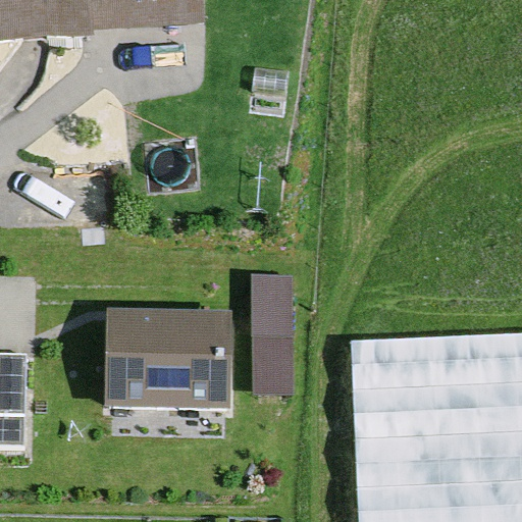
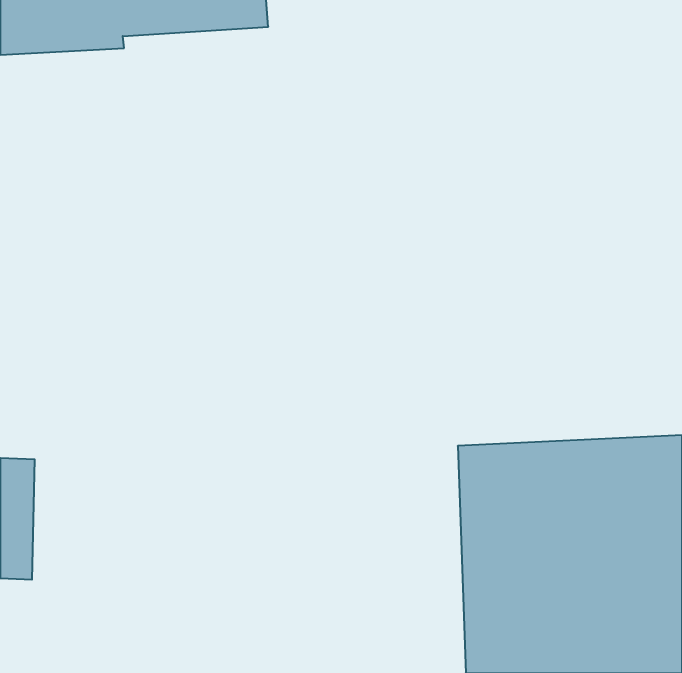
building: [251,272,294,393] -> none
building: [104,309,232,411] -> none

